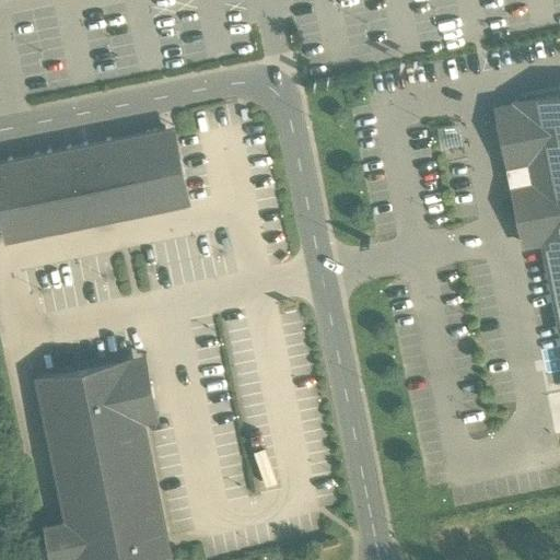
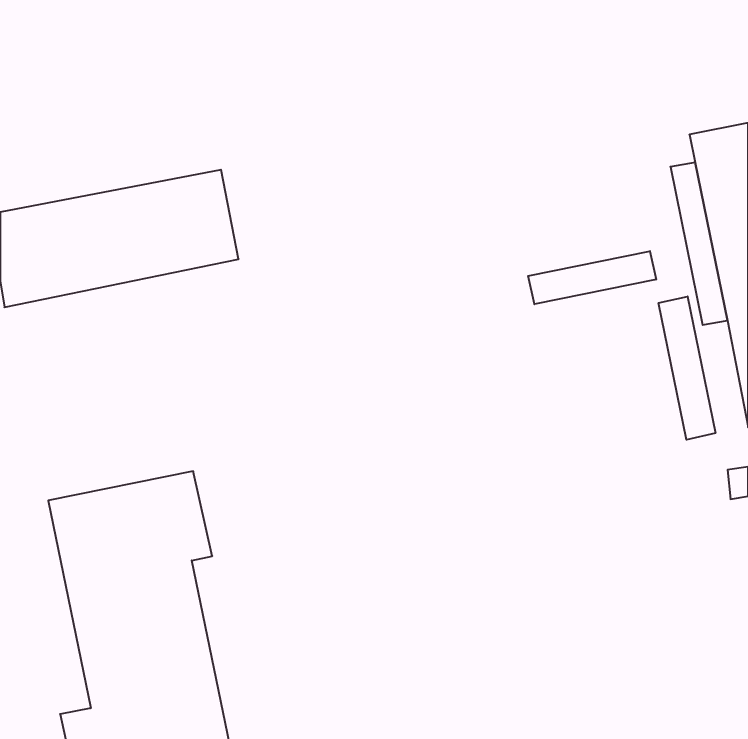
building: none -> [528,251,656,304]
building: none -> [659,296,715,440]

